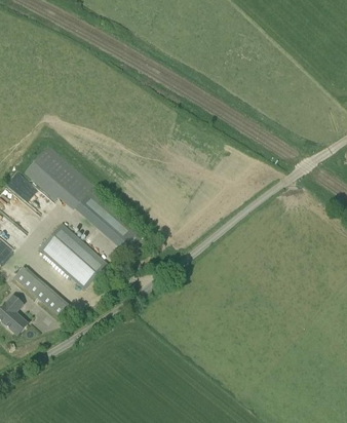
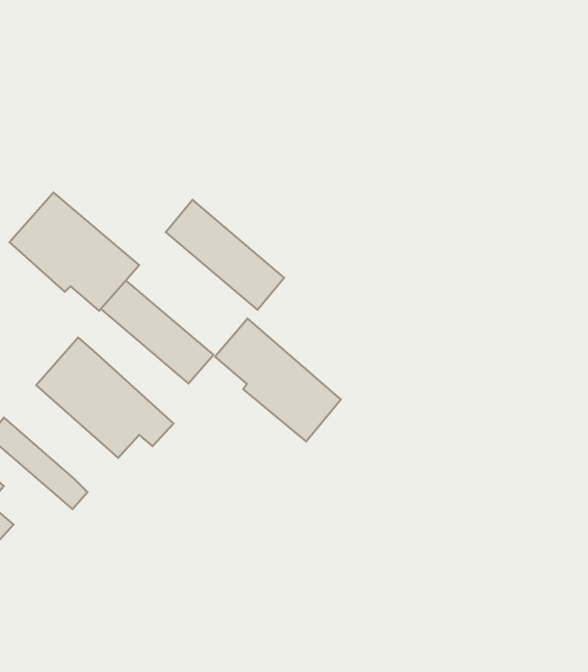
building: none -> [166,200,284,310]
building: none -> [215,318,341,441]

